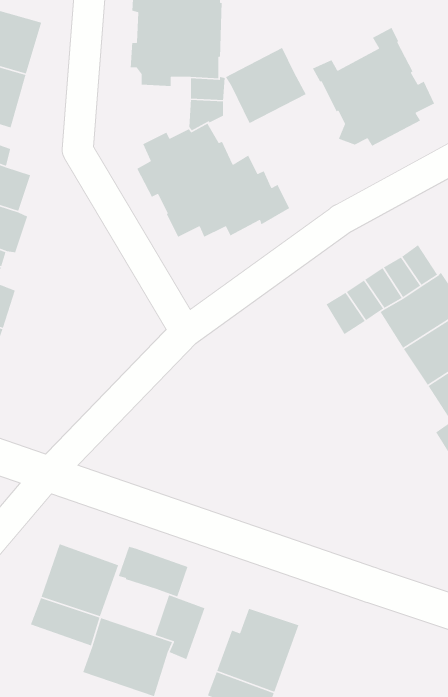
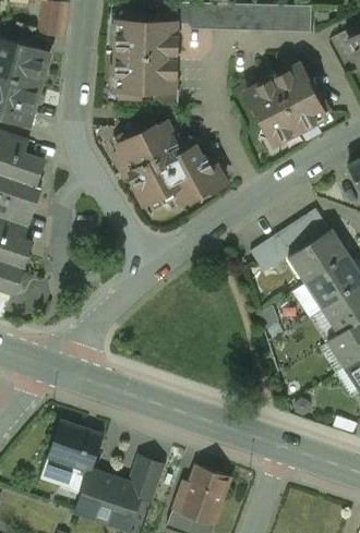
building: [225,47,307,124] -> none
building: [118,546,188,597] -> none

